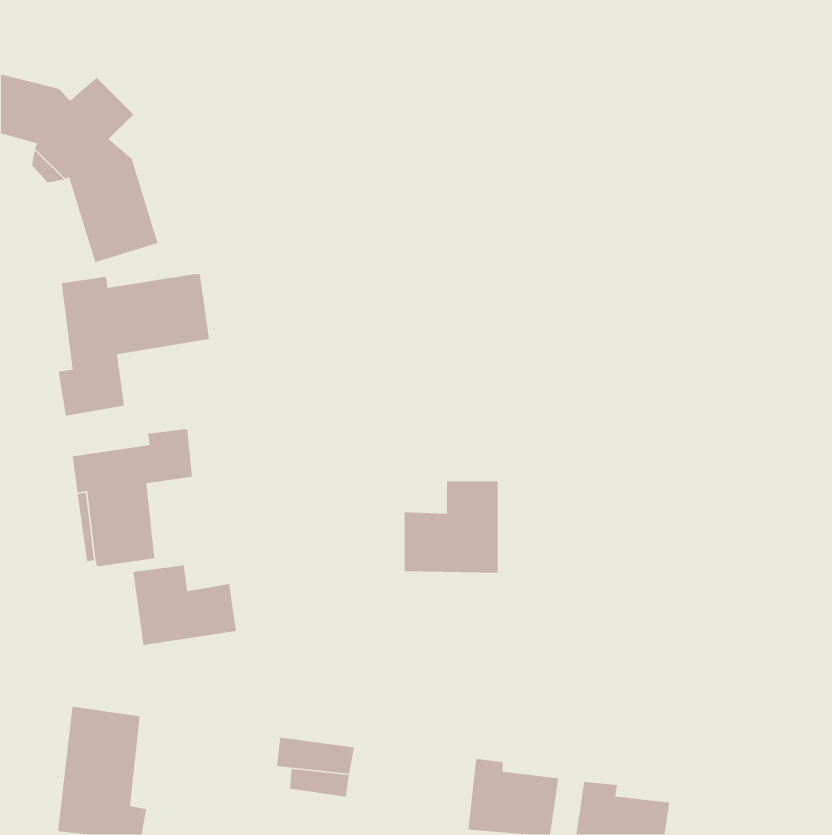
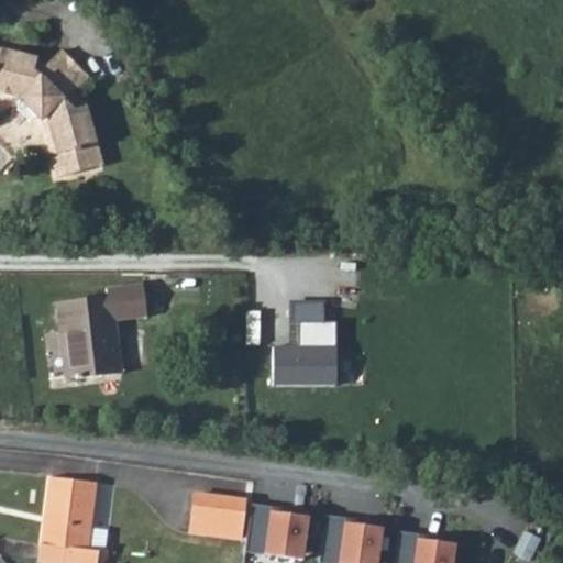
building: [58,273,210,417] -> none
building: [132,564,237,646] -> none
building: none -> [240,503,301,556]

